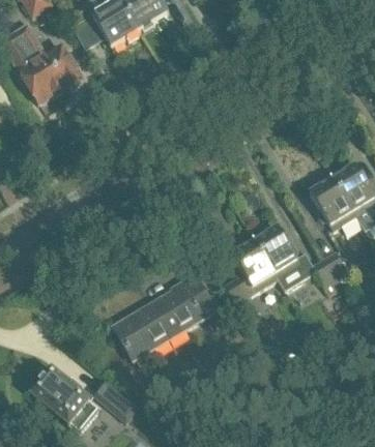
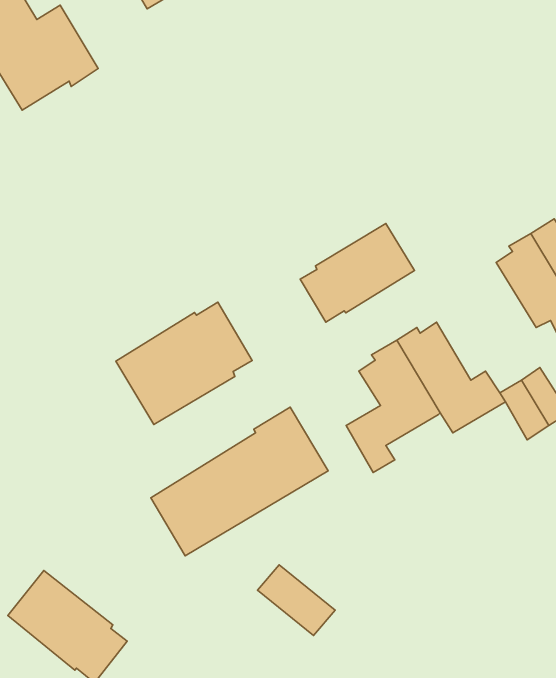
building: none -> [300,224,414,322]
building: none -> [116,302,252,425]
building: [91,379,136,419] -> [257,565,335,635]

